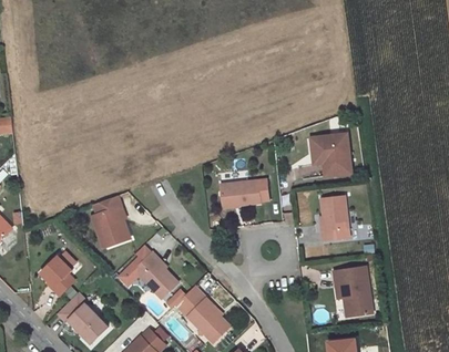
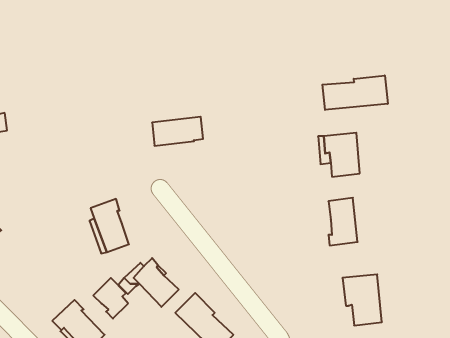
building: none -> [322,75,388,110]
building: [220,178,268,206] -> [152,117,203,146]
building: [40,257,73,296] -> [93,278,128,319]

